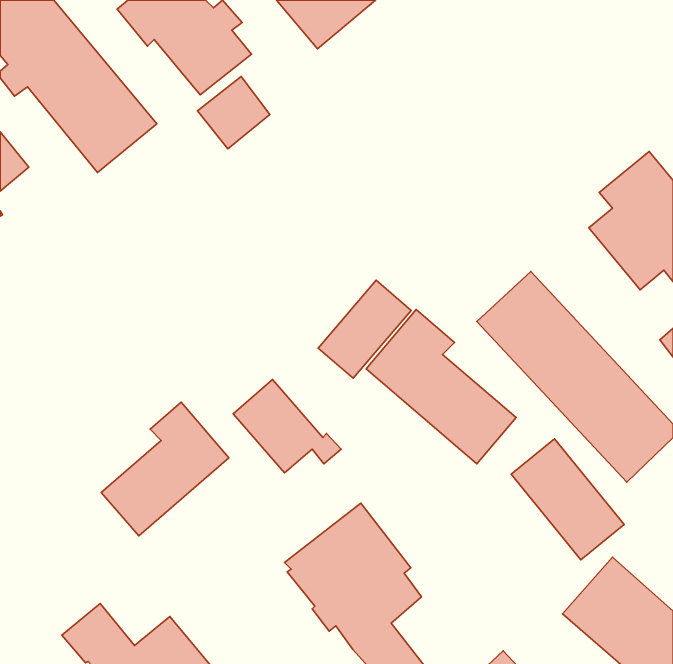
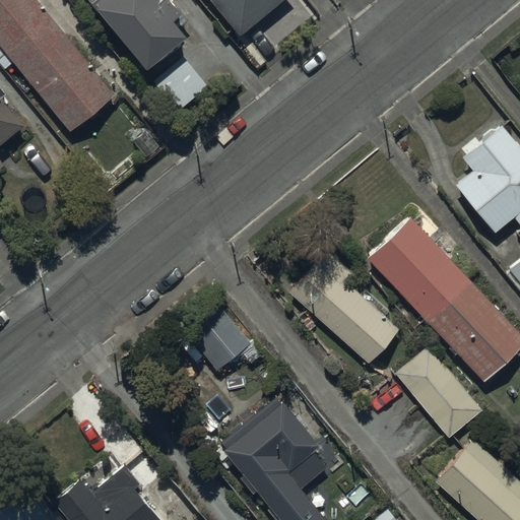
building: [318,280,411,378] -> none
building: [101,402,229,536] -> none

